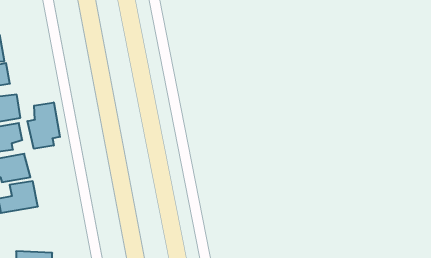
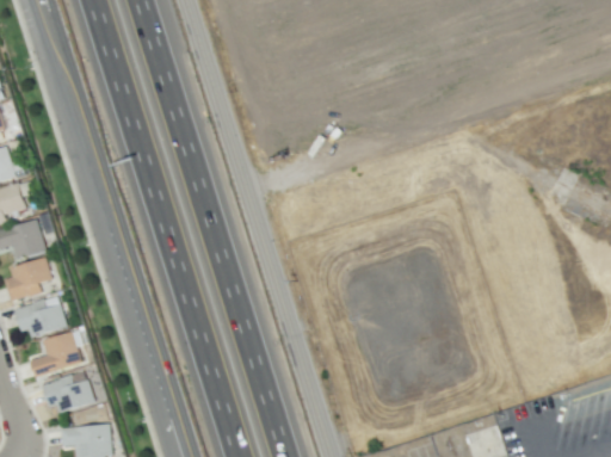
building: [27,102,60,149] -> none
building: none -> [42,376,97,415]

